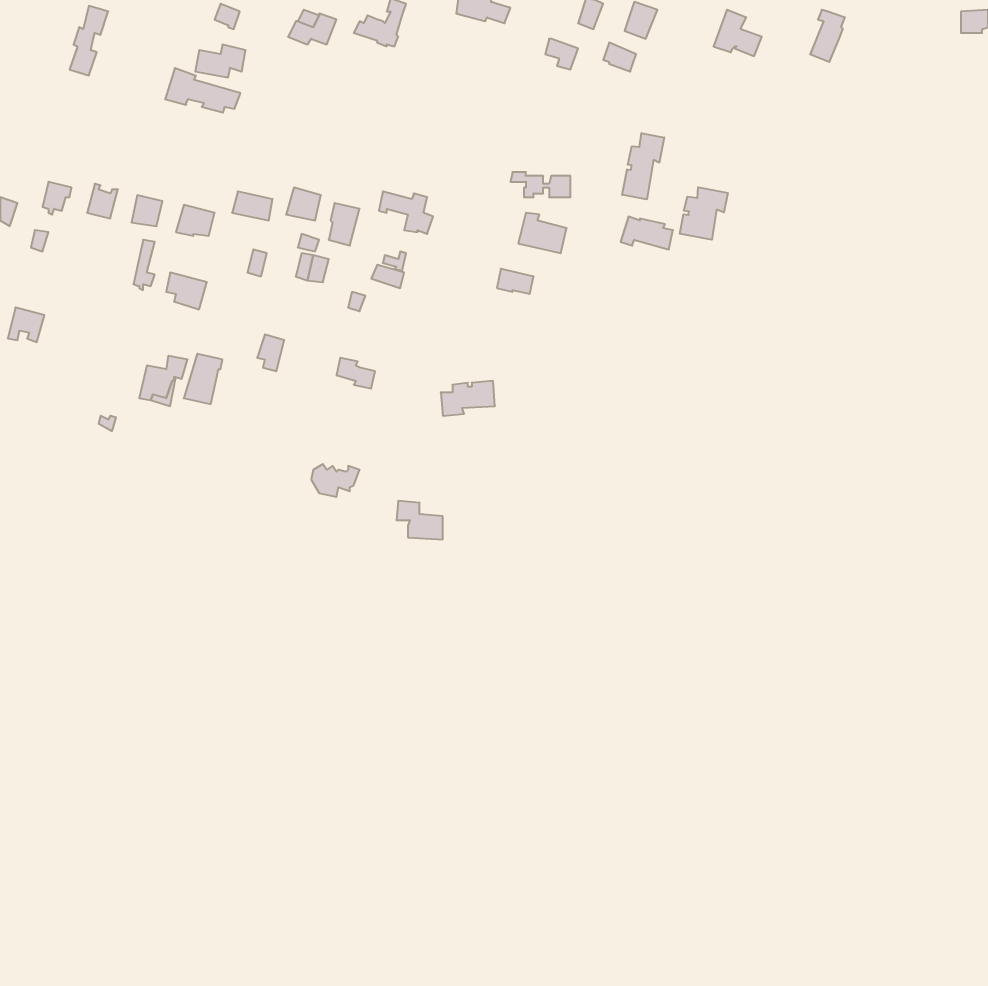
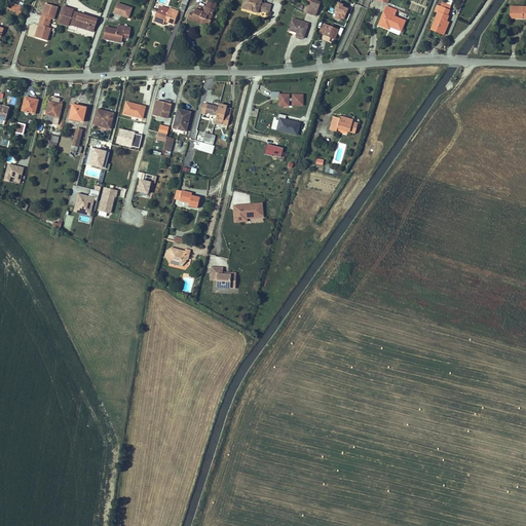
building: [165,68,240,113] -> [58,5,98,29]
building: [622,133,664,199] -> none
building: [680,187,728,240] -> none

